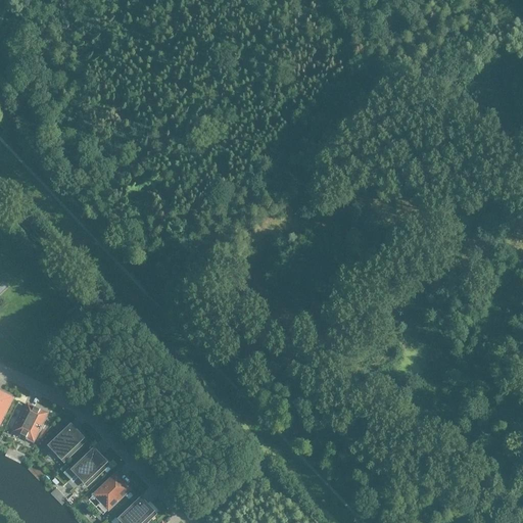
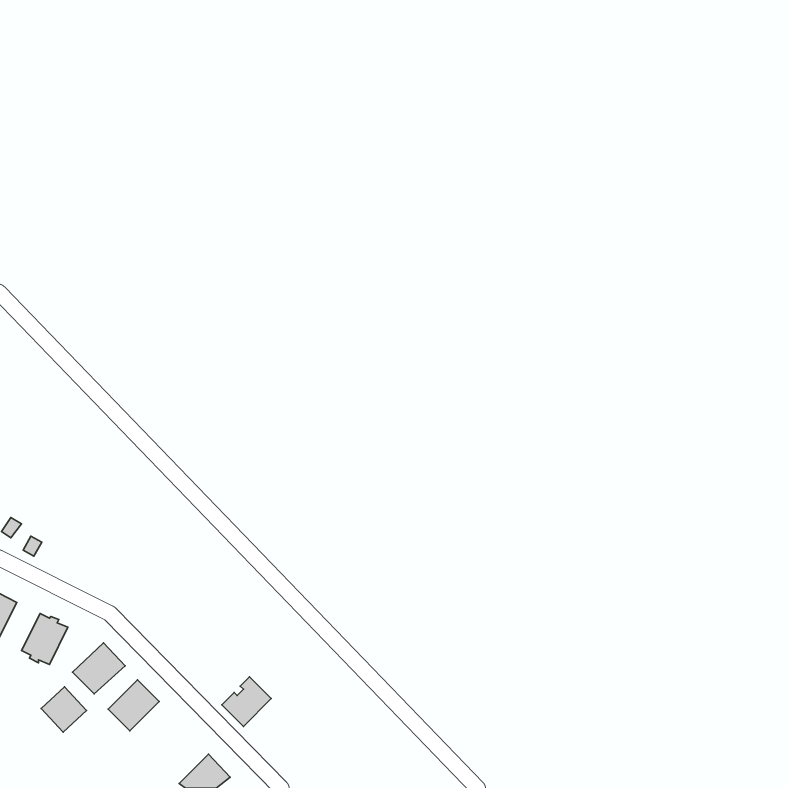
building: none -> [41,687,86,732]
building: [96,474,129,507] -> [222,677,271,726]

